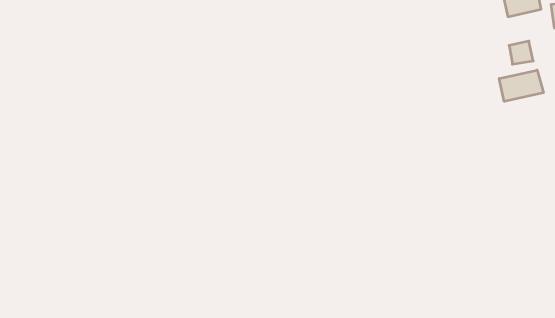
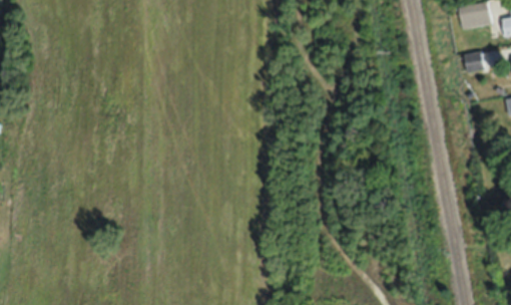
building: [499,70,543,101] -> none

